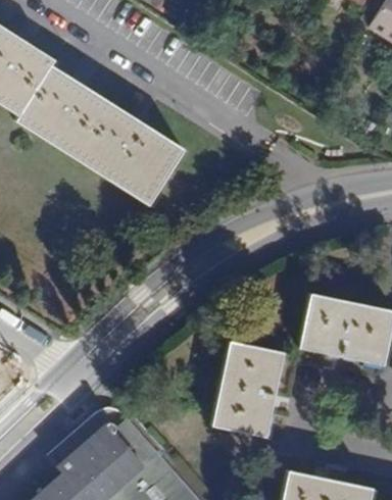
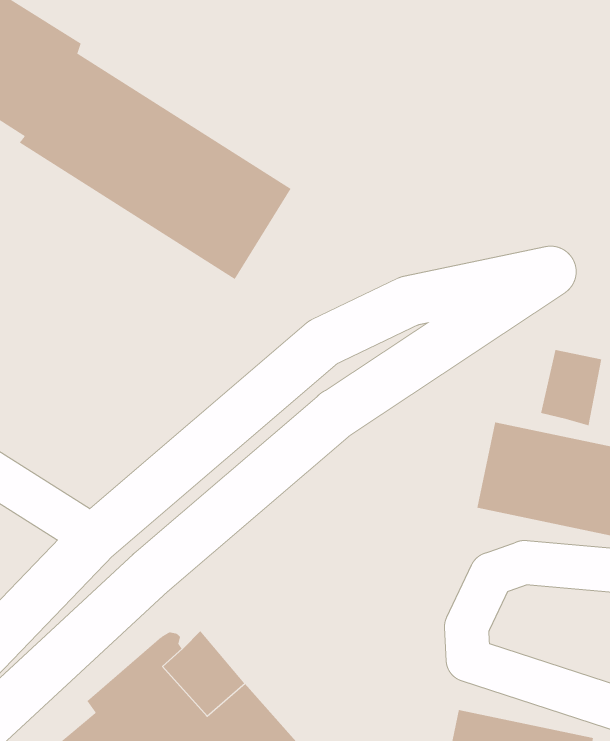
building: none -> [541,349,602,426]
building: [211,340,283,436] -> none

